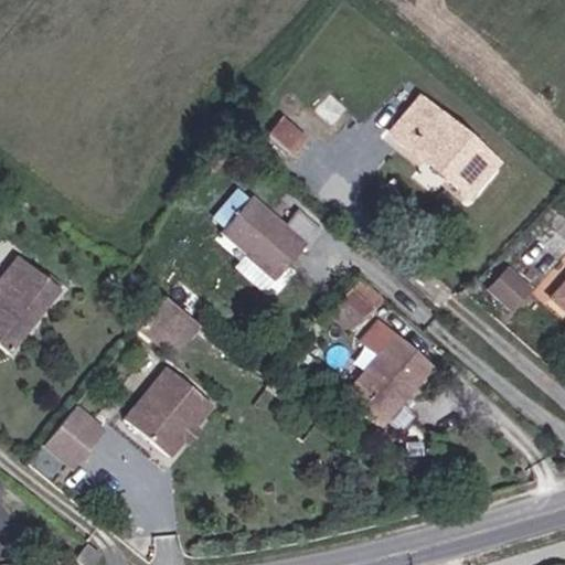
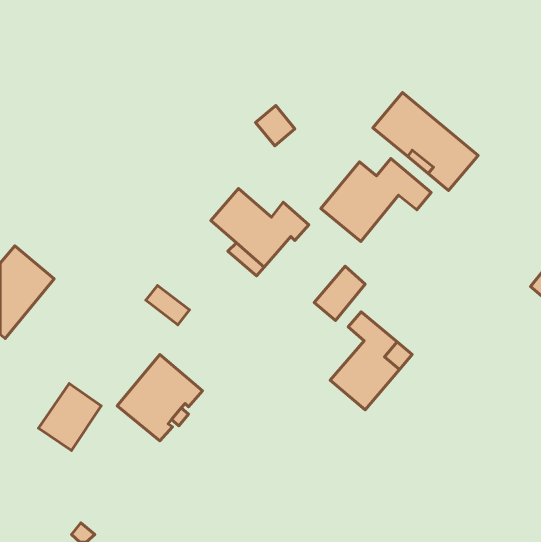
building: none -> [321,158,431,241]
building: [488,266,533,310] -> none

